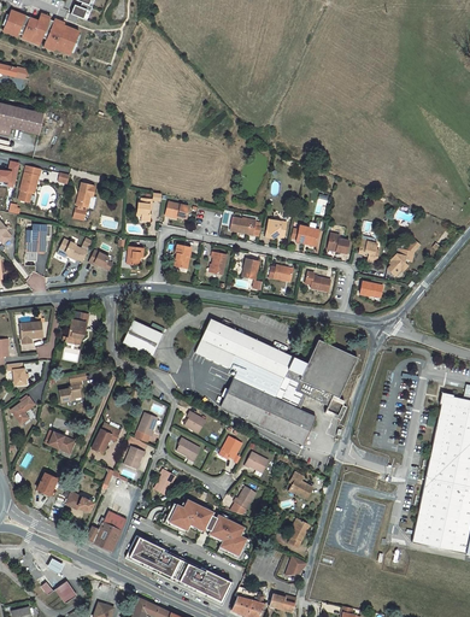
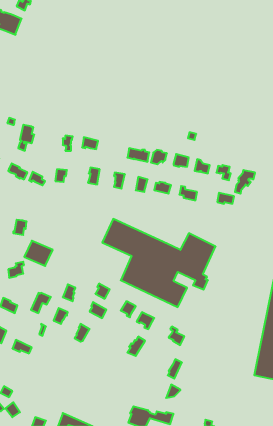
building: [122,321,163,357] -> [24,241,53,266]
building: [164,499,249,560] -> none
building: [86,511,127,551] -> none
building: [125,535,233,605] -> none

